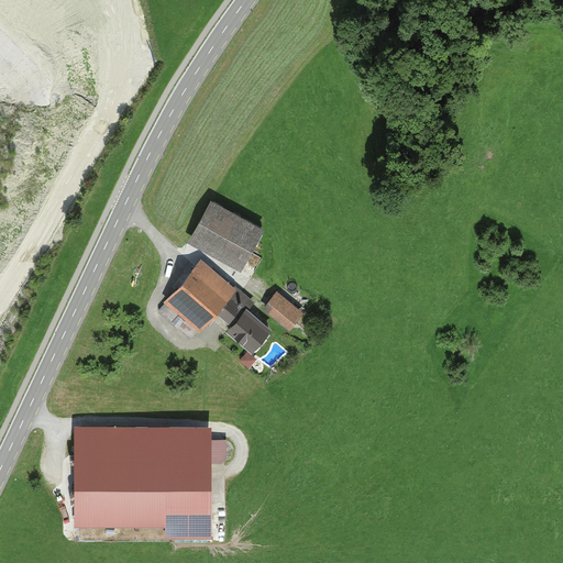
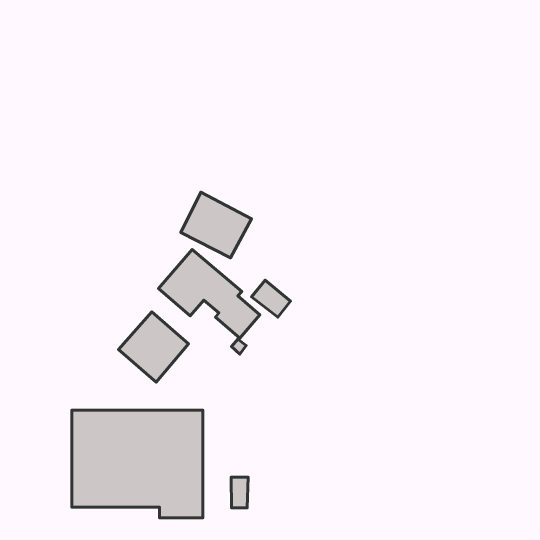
building: none -> [119,312,188,382]
building: none -> [231,477,248,508]

